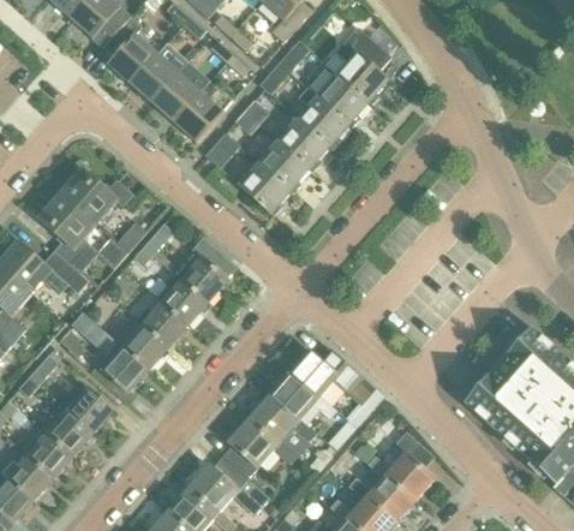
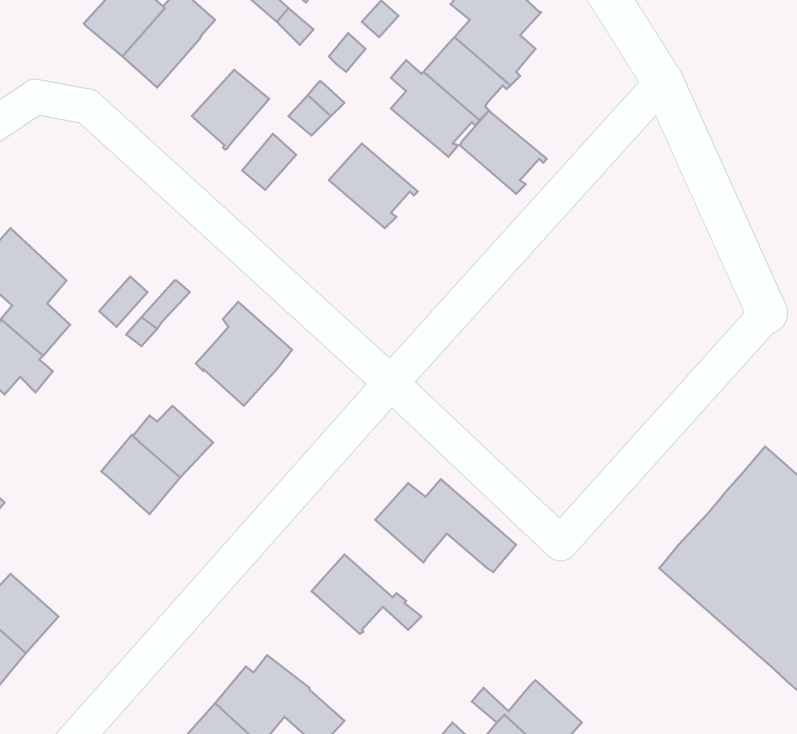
building: [153,73,201,121] -> none
building: [280,117,334,168] -> [460,111,547,194]
building: [239,161,294,215] -> none
building: [61,167,132,223] -> none
building: [157,279,207,324] -> none
building: [72,312,148,392] -> none
building: [269,372,336,423] -> none
building: [61,382,113,432] -> none
building: [221,417,297,478] -> none
building: [369,430,437,499] -> none

